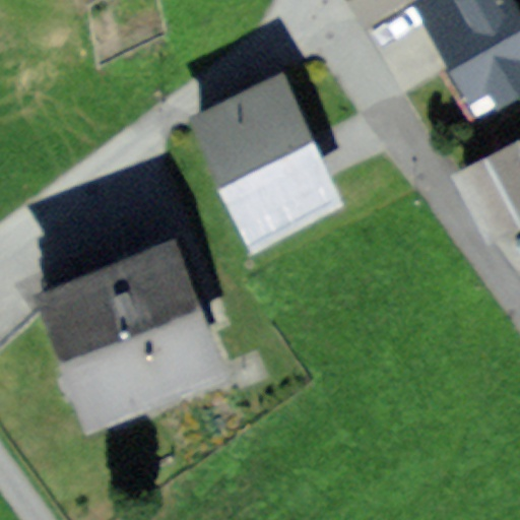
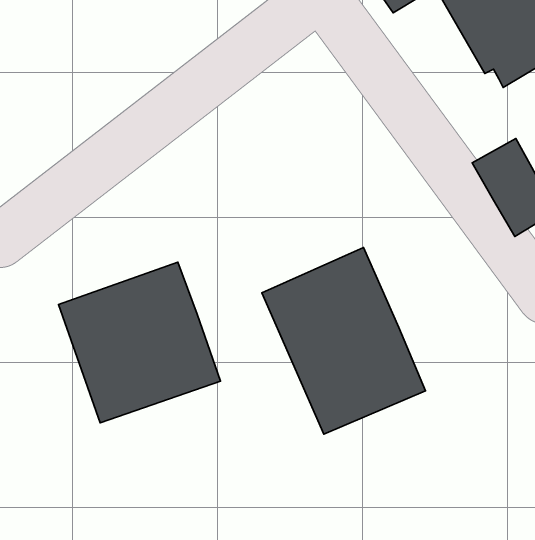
building: [209,81,331,233] -> none
building: none -> [262,247,426,434]

